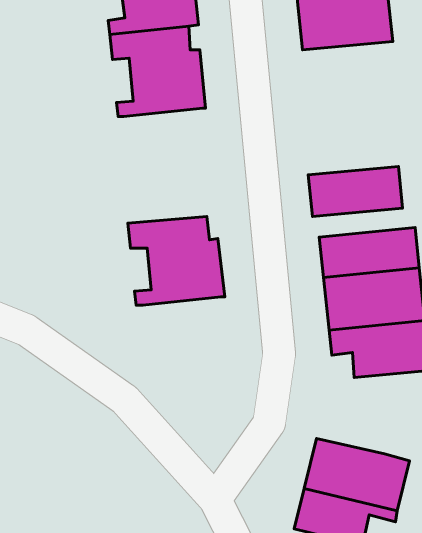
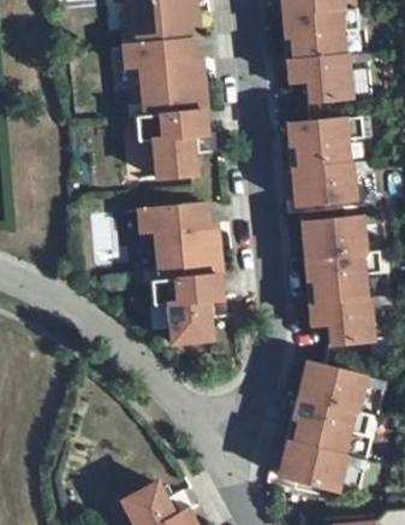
building: none -> [286,53,368,101]
building: none -> [131,111,202,179]
building: none -> [286,117,369,169]
building: none -> [148,275,218,343]
building: none -> [298,361,365,411]

